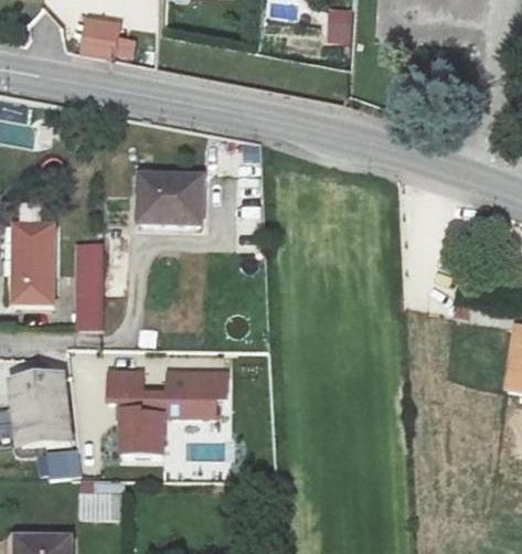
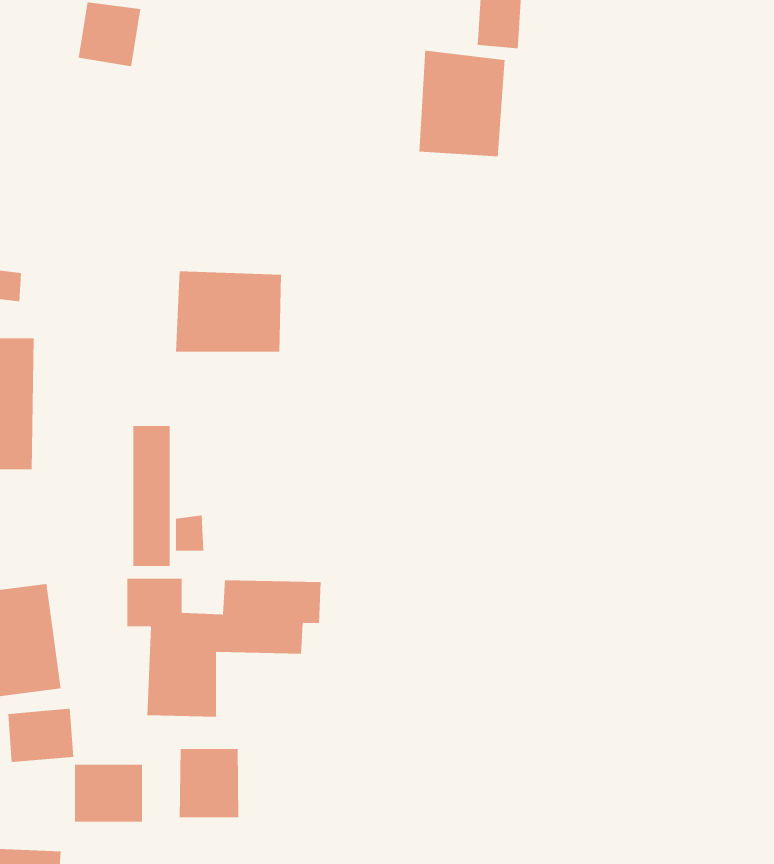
building: none -> [419,50,505,157]
building: [76,242,99,328] -> [133,425,170,566]
building: none -> [179,748,239,818]

